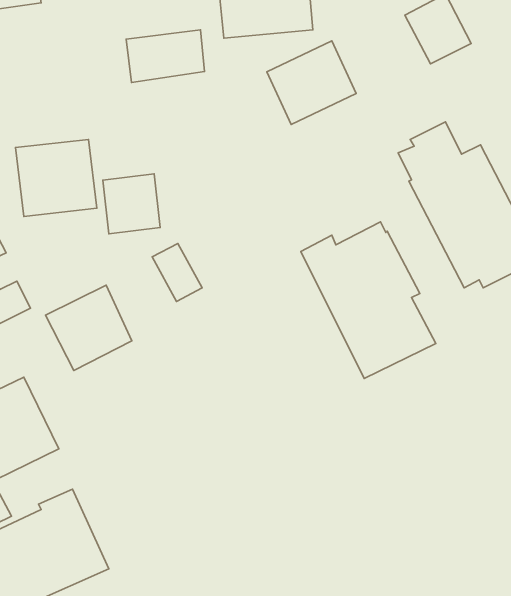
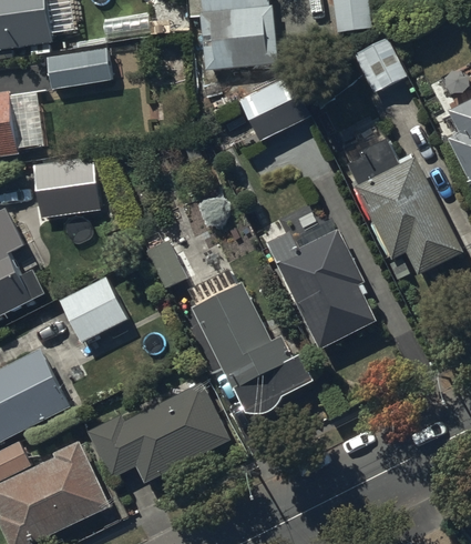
building: [126,30,205,82] -> [47,43,111,87]
building: [103,174,160,234] -> none
building: none -> [188,270,314,419]
building: none -> [88,380,229,483]

